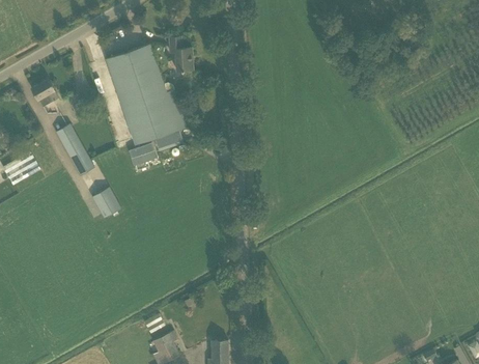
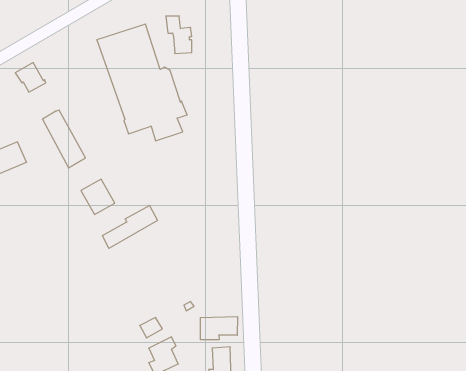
building: [129,143,158,166] -> none
building: none -> [103,205,157,248]
building: none -> [200,317,237,340]

